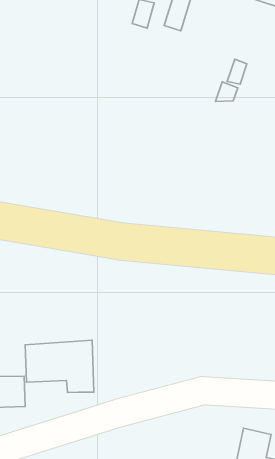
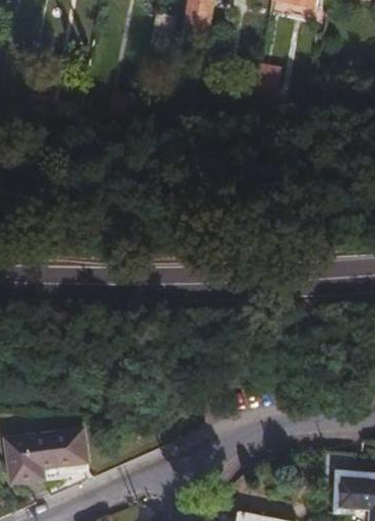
building: [25,340,94,393] -> none

